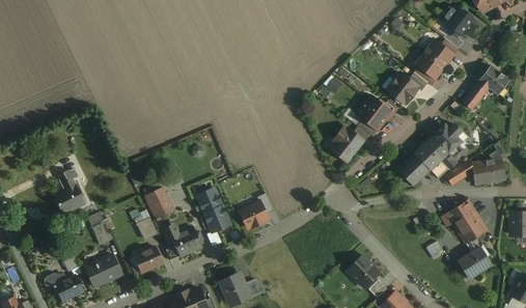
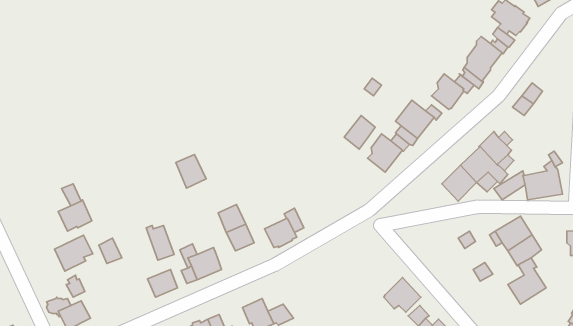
building: [478,66,508,95] -> none
building: none -> [344,116,375,149]
building: [146,189,173,219] -> [176,154,206,188]
building: [85,255,119,287] -> [54,235,93,271]

